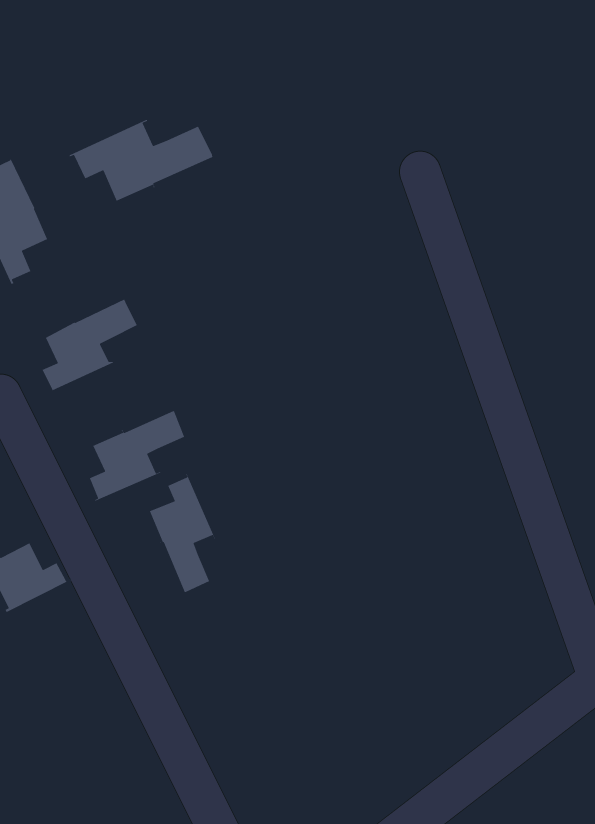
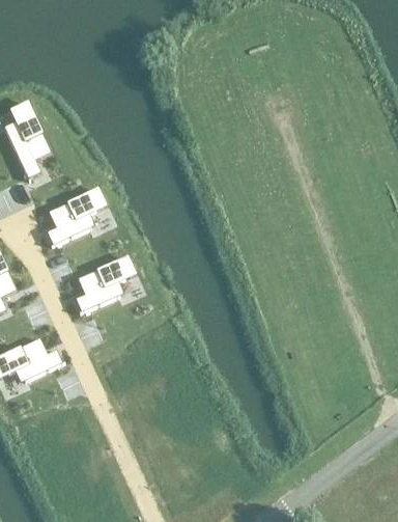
building: [69,118,213,202] -> none
building: [149,473,216,593] -> none

